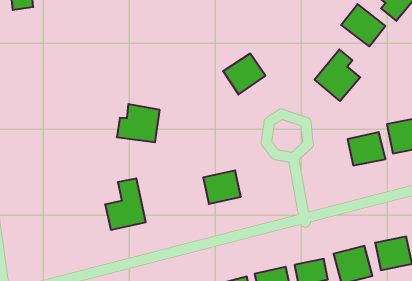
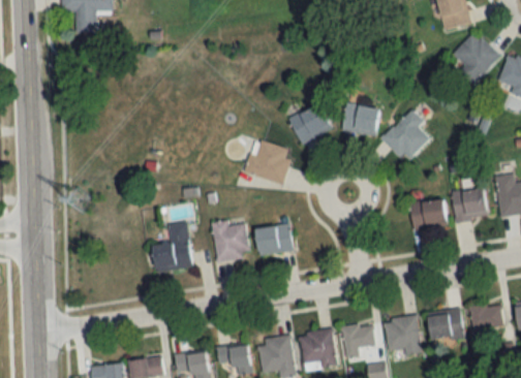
building: [341,4,385,46] -> none
building: none -> [342,102,379,135]
building: [117,104,160,142] -> [244,140,292,183]
building: none -> [212,220,250,260]

